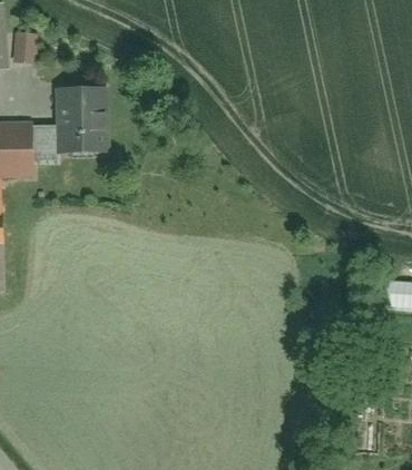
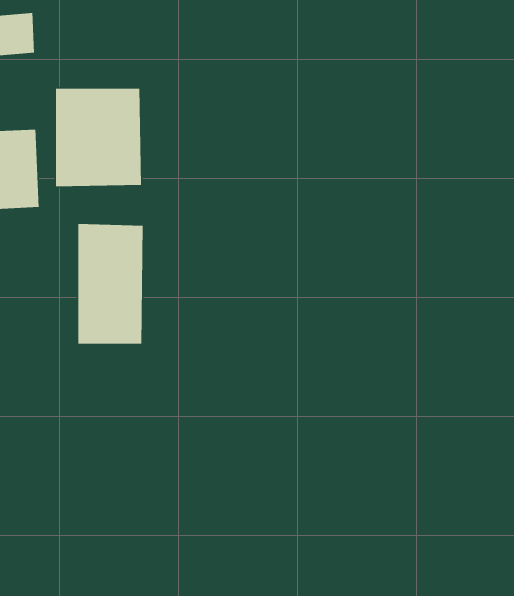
building: none -> [77,223,144,344]

